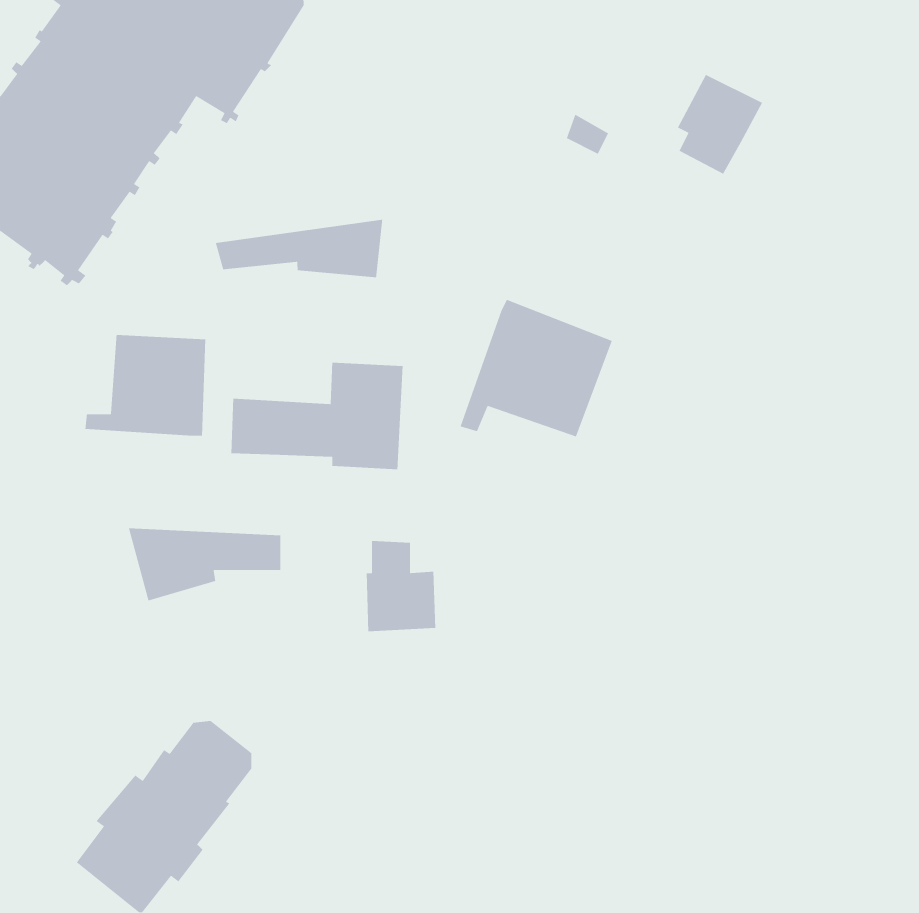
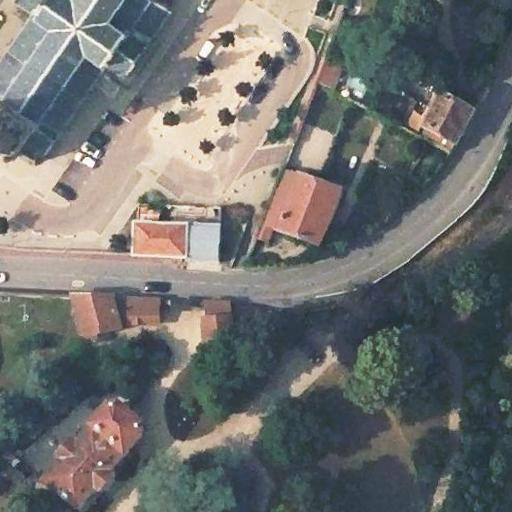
building: [677,74,763,175] -> [423,92,471,148]
building: [215,219,383,278] -> none
building: [84,334,206,437] -> none

